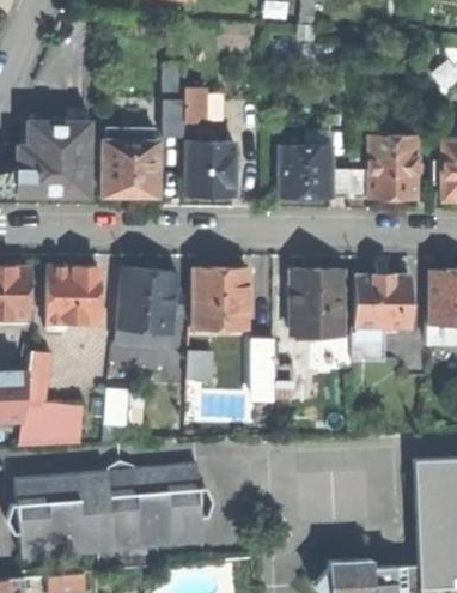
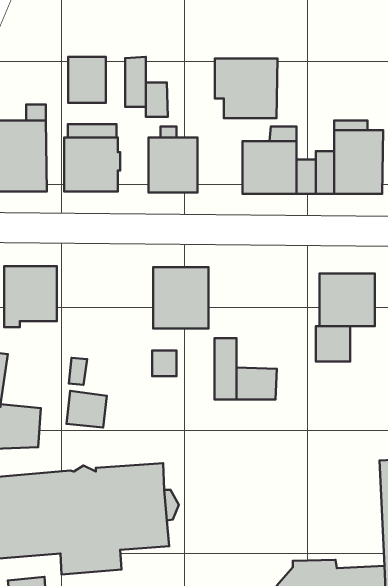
building: none -> [68,57,106,103]
building: none -> [215,58,278,118]
building: [117,268,175,355] -> none
building: [292,271,340,338] -> none

